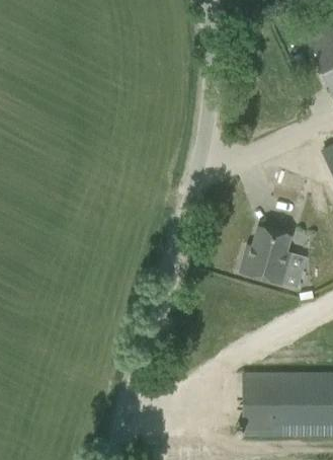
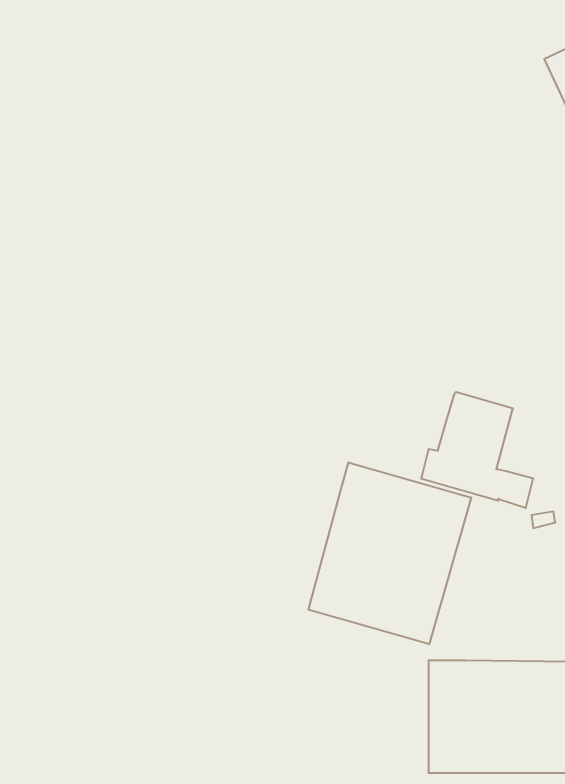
building: none -> [309,462,471,644]

